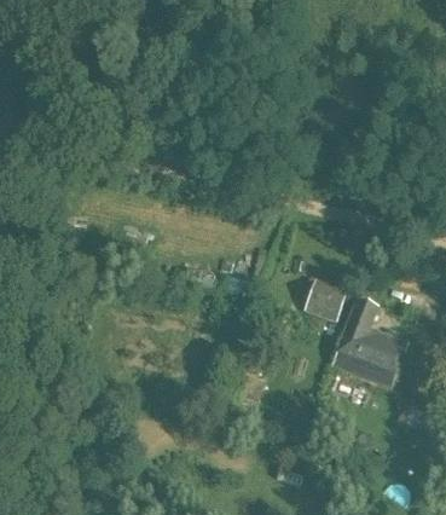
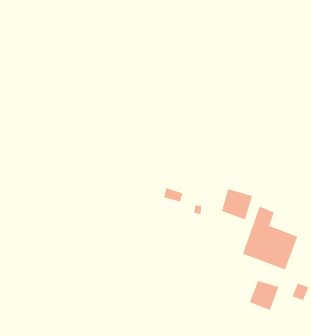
building: none -> [249,280,279,311]

